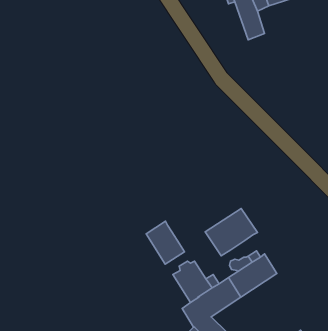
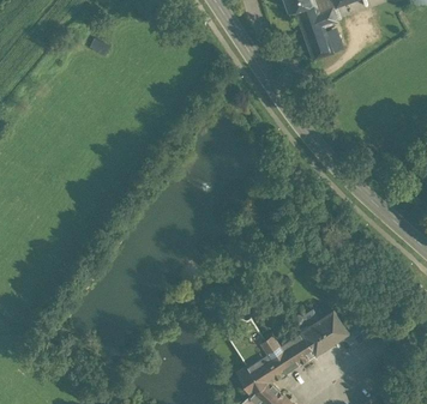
building: [205,209,257,256] -> none
building: [146,221,184,264] -> none

